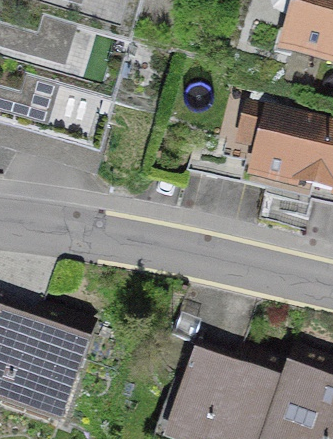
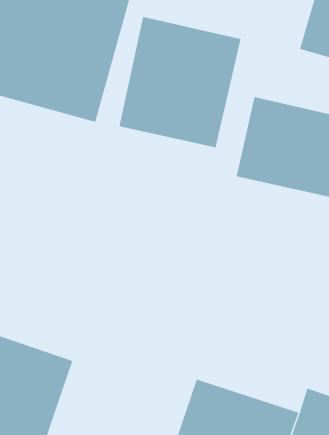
building: none -> [119,16,241,148]

